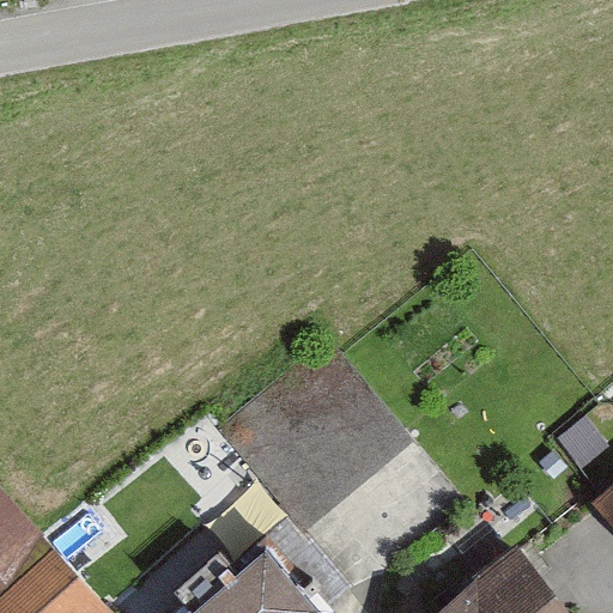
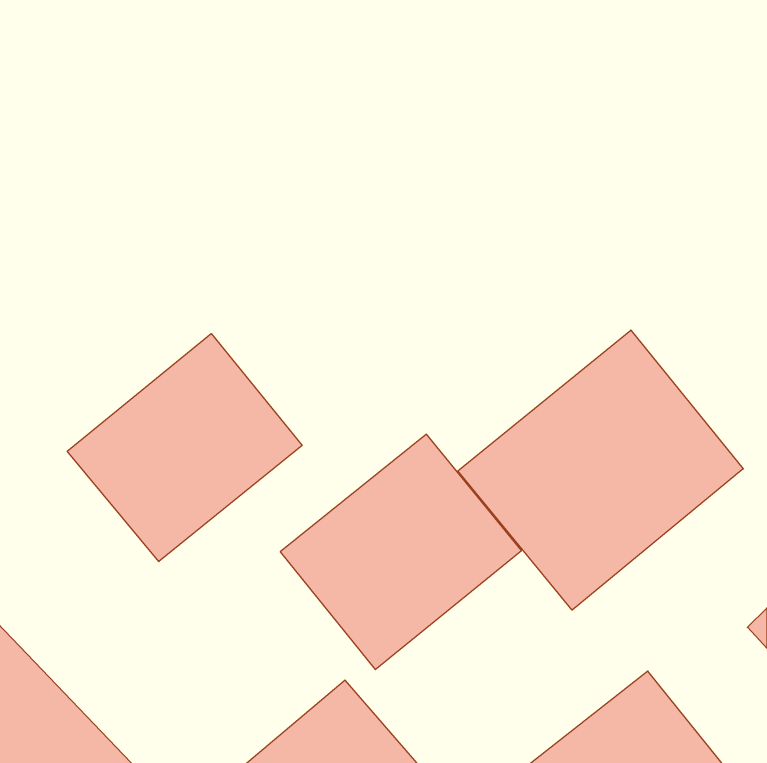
building: none -> [458,330,743,610]
building: none -> [67,334,302,562]

